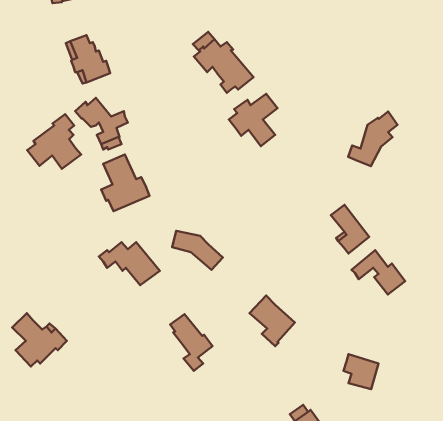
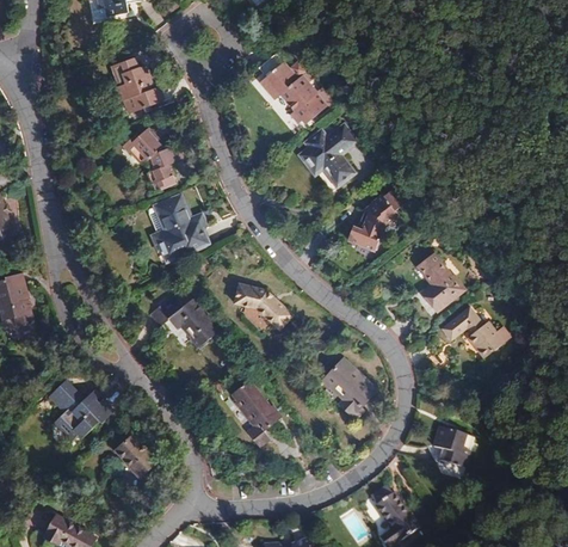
building: [348,112,398,166] -> [347,186,405,250]
building: [27,114,81,169] -> none
building: none -> [115,434,158,477]

